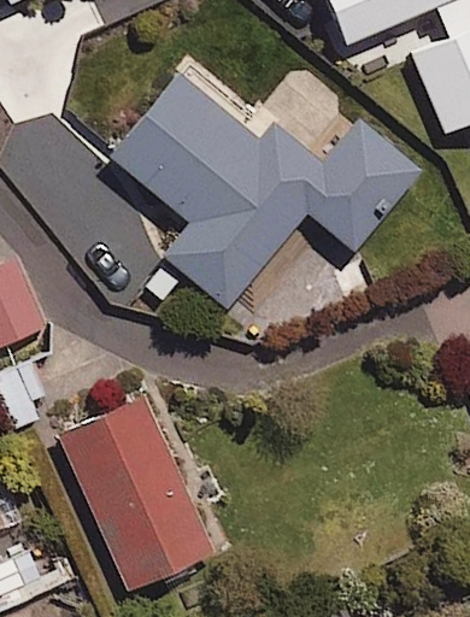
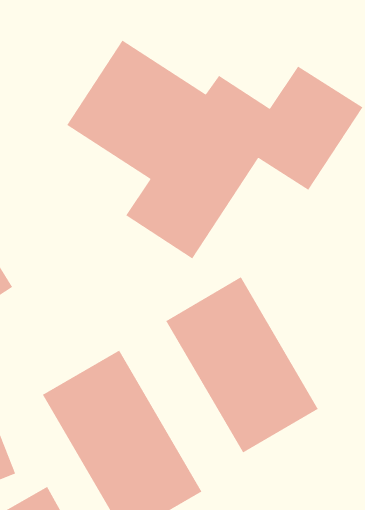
building: none -> [165,276,319,454]

